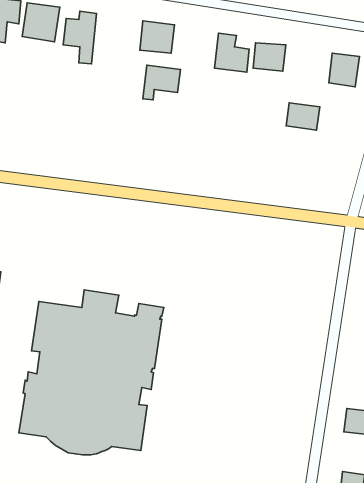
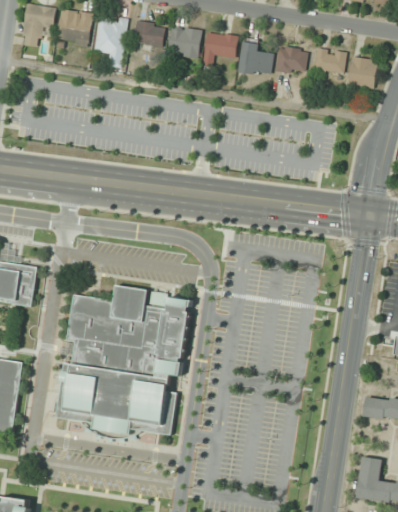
building: none -> [132,20,165,51]
building: [143,65,181,100] -> [202,32,238,65]
building: [286,103,320,130] -> [314,48,346,74]

